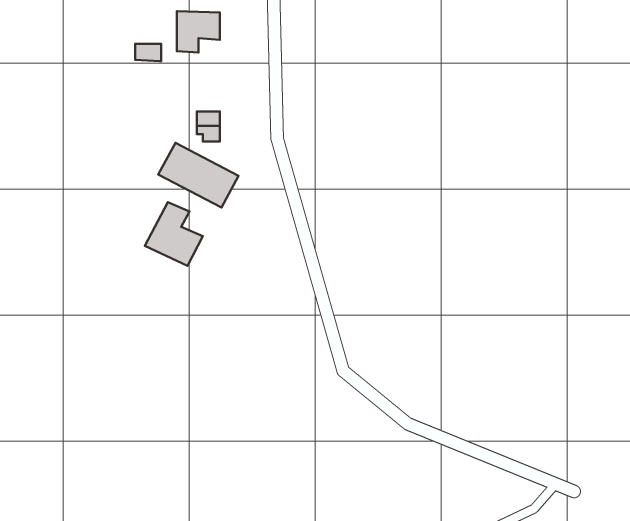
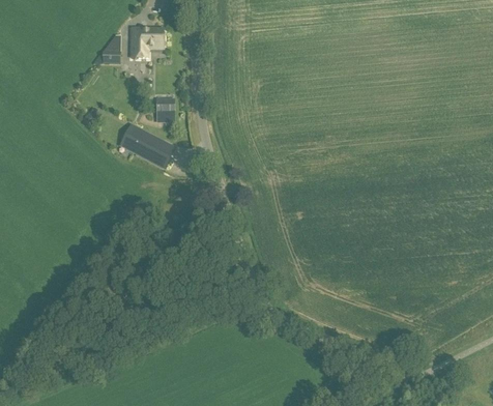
building: [145,202,203,266] -> none

